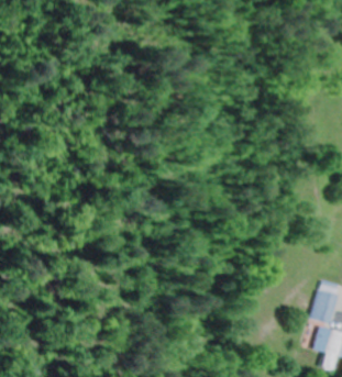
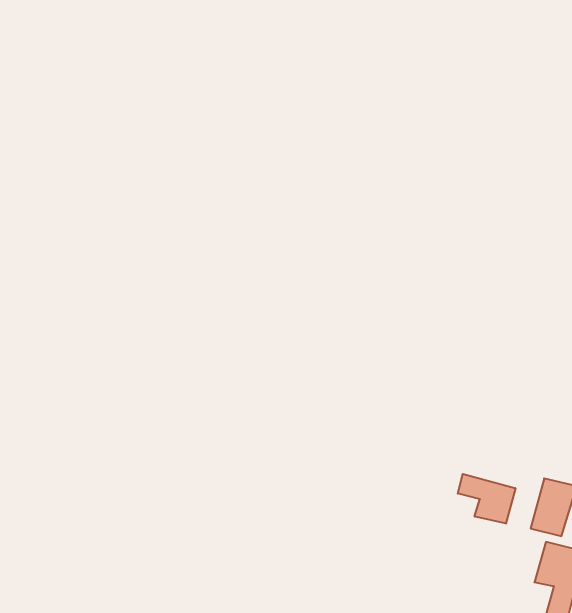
building: none -> [458,474,515,524]

